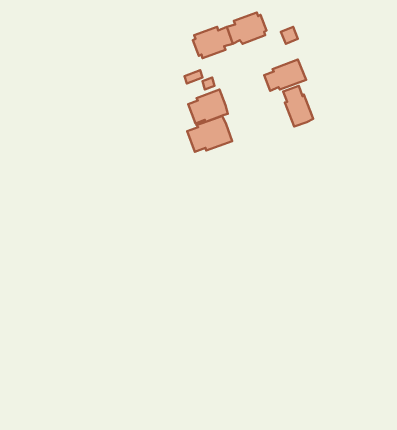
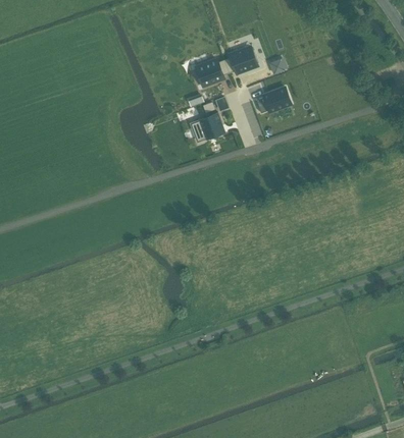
building: [283,86,313,127] -> none
building: [187,116,232,152] -> none

